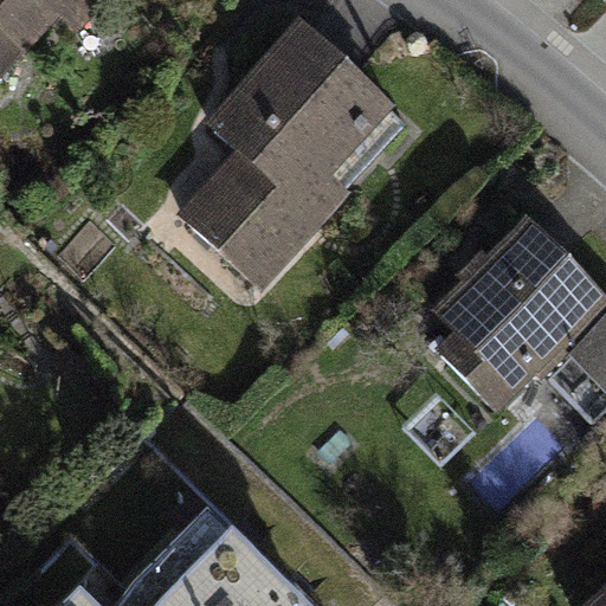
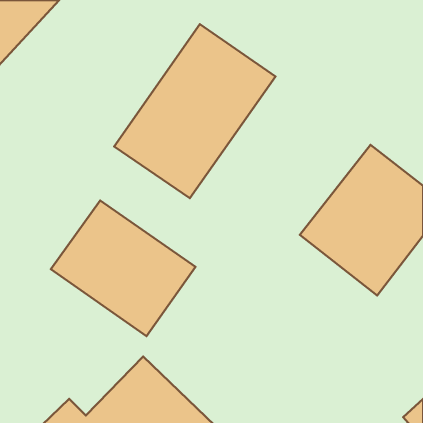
building: none -> [51,200,195,336]

